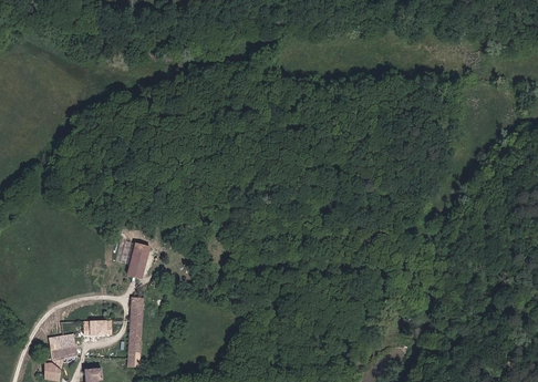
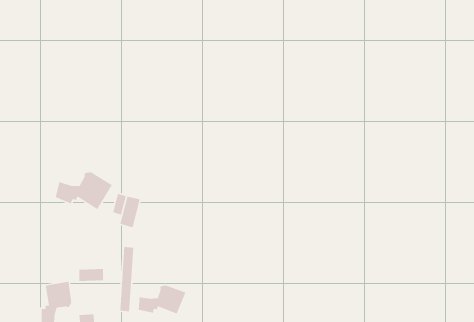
building: none -> [55,171,113,210]
building: none -> [138,284,187,314]

